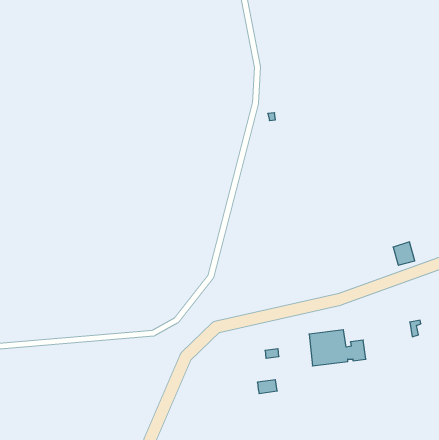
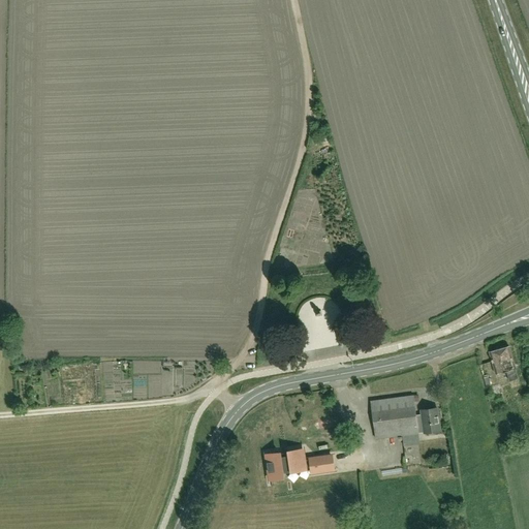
building: [393,242,415,265] -> [489,346,515,374]
building: none -> [266,450,310,478]

